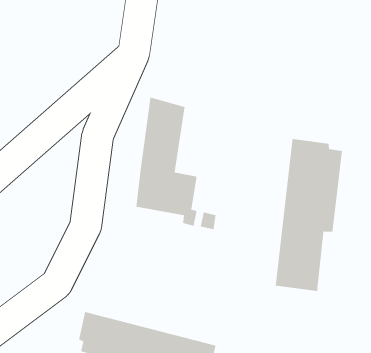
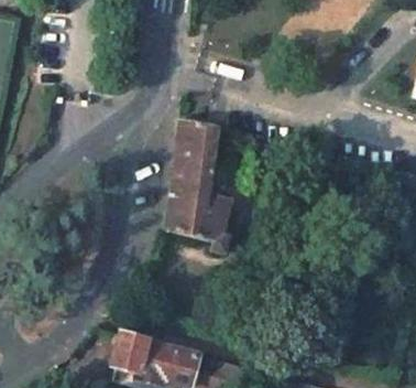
building: [275,138,343,292] -> none

